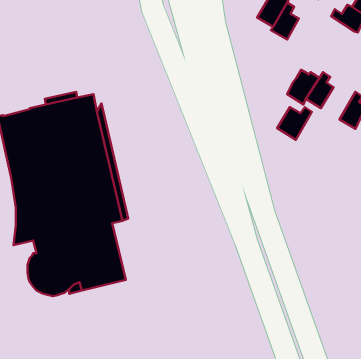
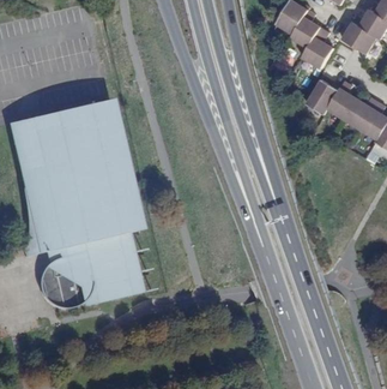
building: none -> [343,20,377,53]
building: none -> [302,24,334,66]
building: [277,107,312,140] -> [343,95,379,128]

